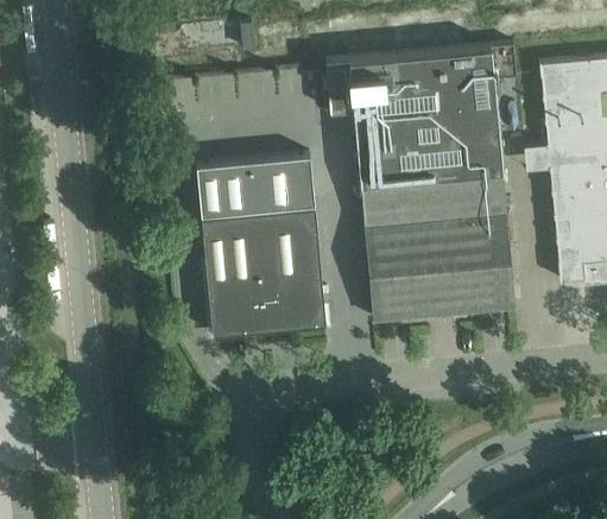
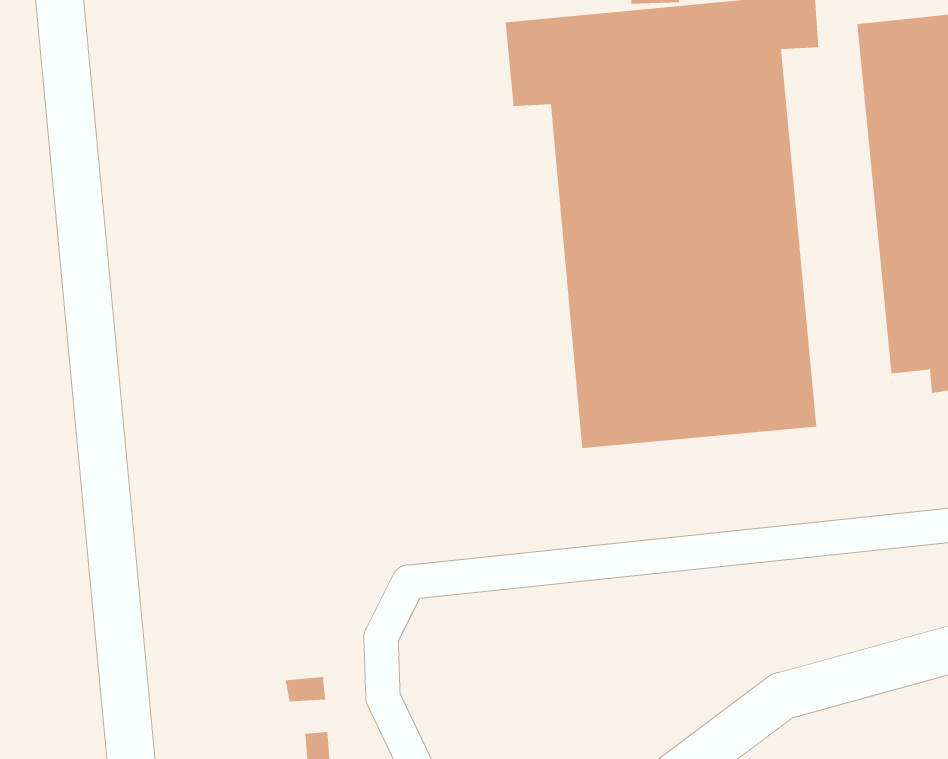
building: [197,157,327,337] -> none

